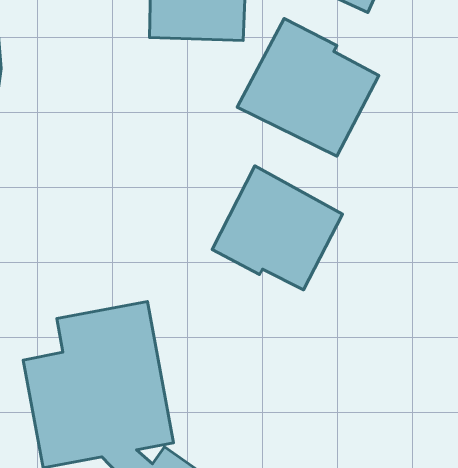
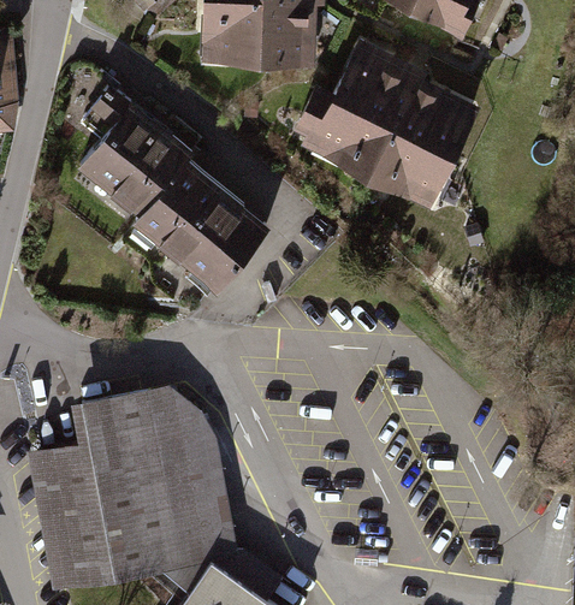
building: none -> [73,87,267,295]
building: [212,166,343,290] -> none

